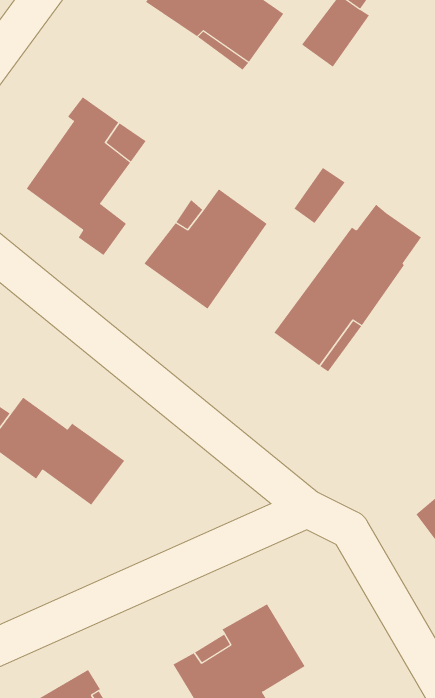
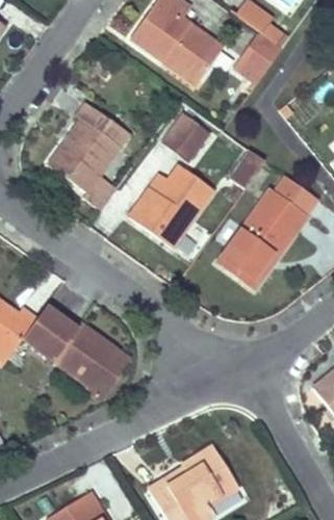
building: none -> [161,113,210,163]
building: none -> [55,349,128,396]

